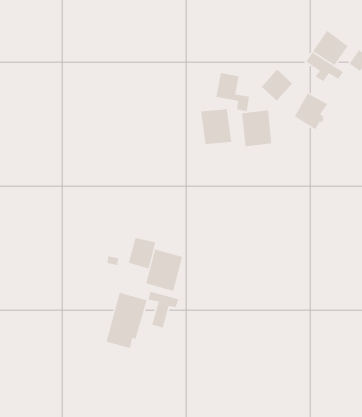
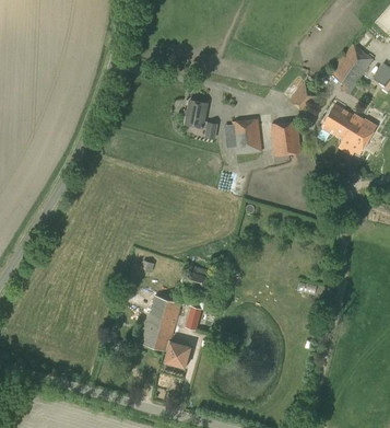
building: [216,72,250,112] -> [185,101,217,139]
building: none -> [341,115,376,153]
building: [128,237,156,269] -> none
building: none -> [165,340,191,368]

